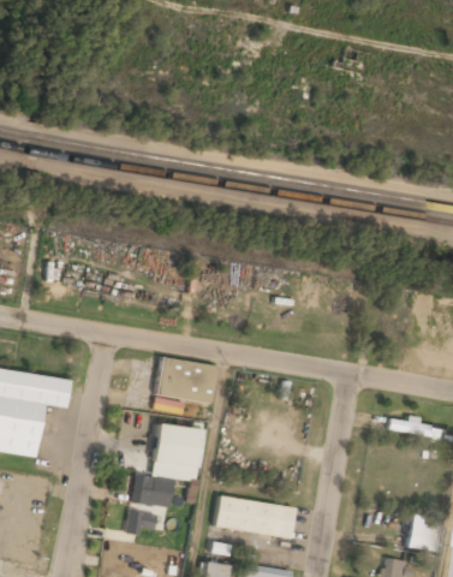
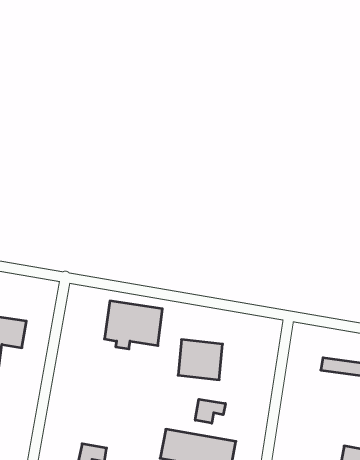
building: [154,422,202,465] -> [178,340,223,380]
building: none -> [195,399,225,423]
building: [131,474,173,507] -> none

